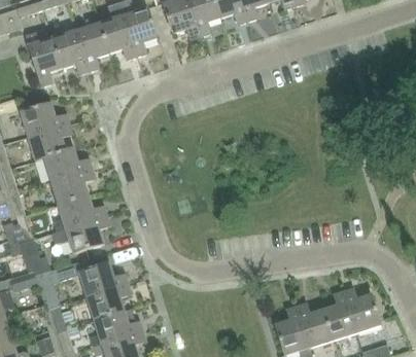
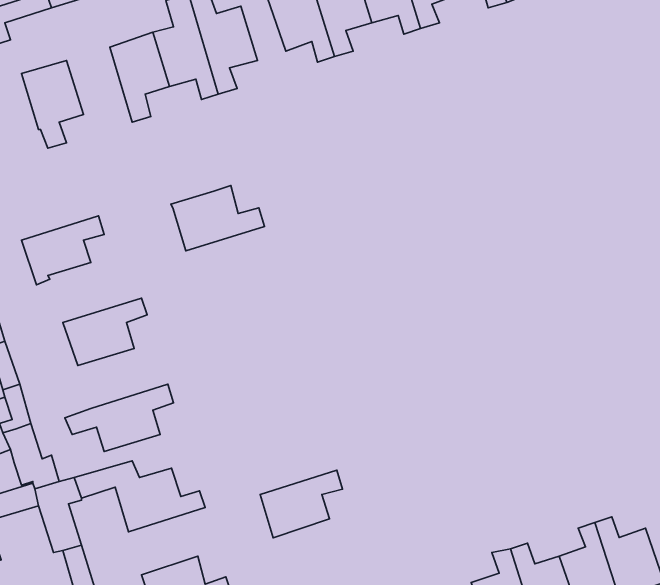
building: [53,31,89,75] -> none
building: [21,103,70,137] -> none
building: [42,146,94,182] -> [171,185,265,251]
building: [59,197,108,229] -> none
building: [86,284,132,321] -> [260,470,342,538]

